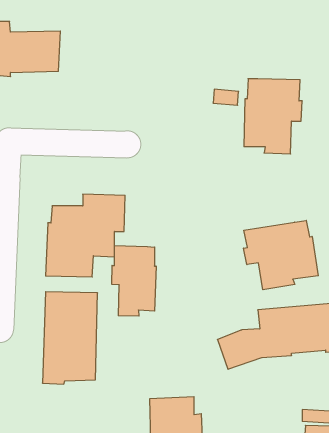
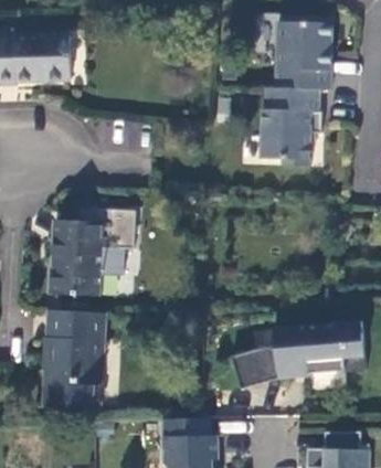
building: none -> [273,21,329,88]
building: [244,220,318,290] -> none
building: [112,246,156,316] -> none

